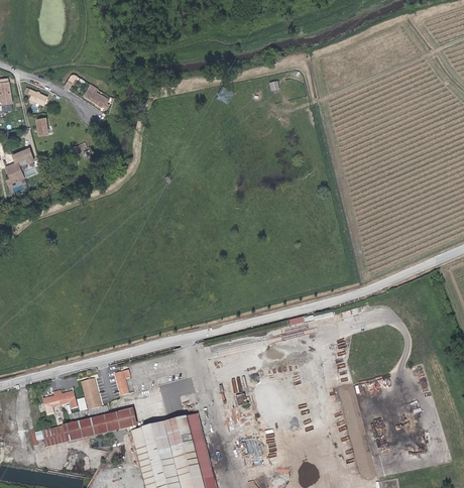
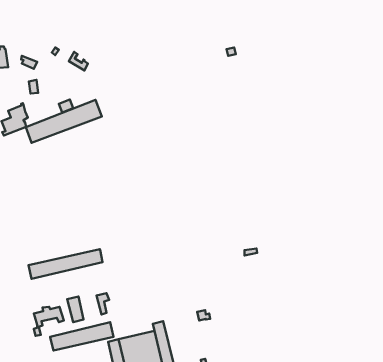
building: none -> [26,100,102,143]
building: none -> [29,249,103,279]
building: [34,424,66,445] -> none

